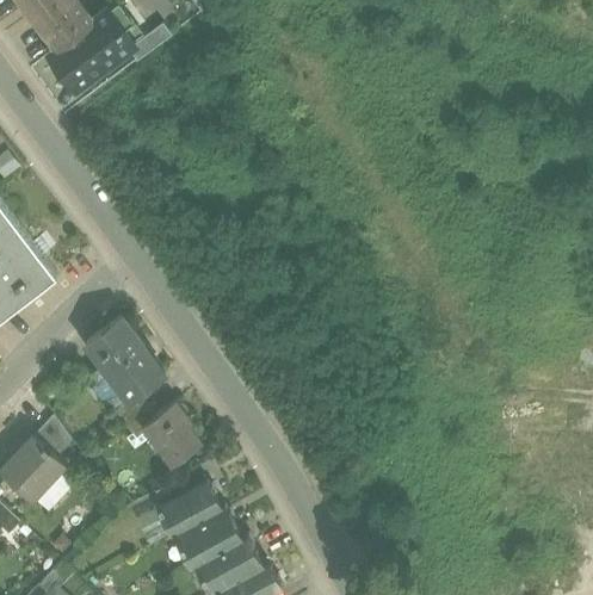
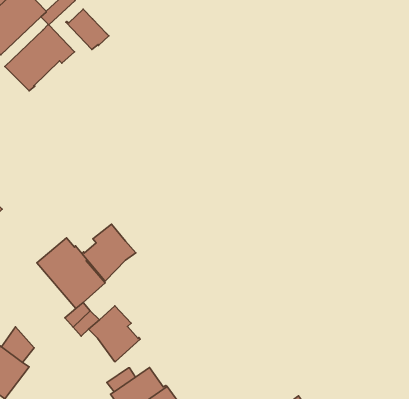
building: none -> [66,9,109,50]
building: none -> [5,25,74,91]
building: none -> [82,224,136,281]

